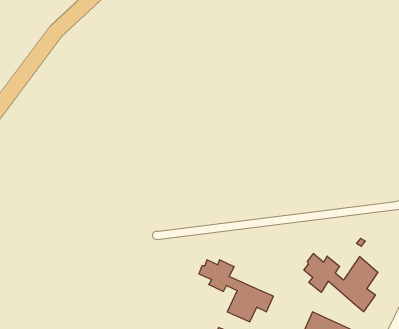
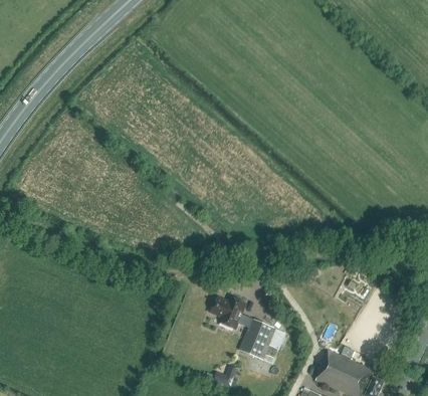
building: [304,253,378,312] -> none

